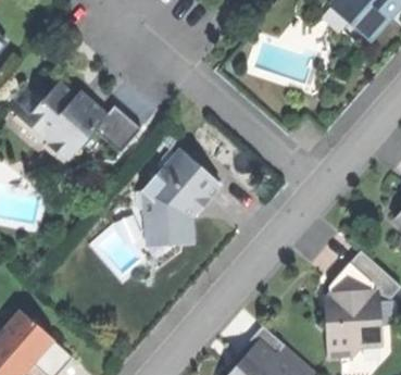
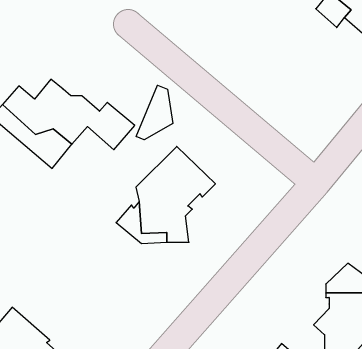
building: none -> [136,85,173,140]

